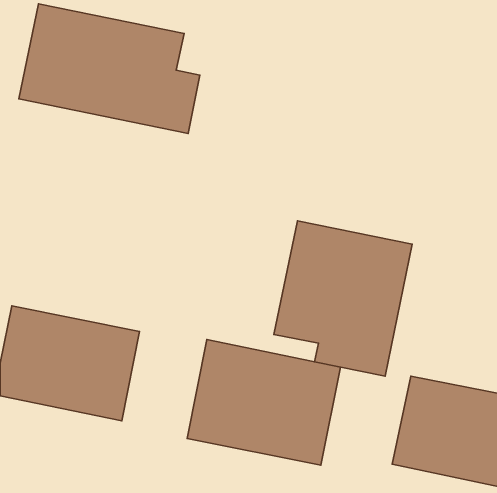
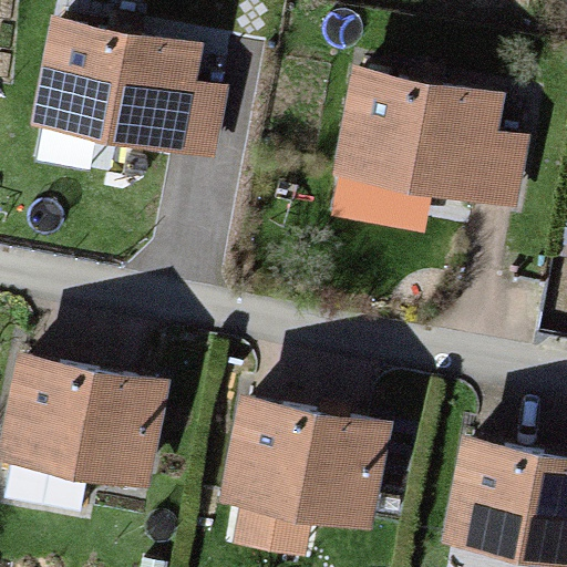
building: none -> [322,75,524,220]
building: [274,221,412,376] -> none

